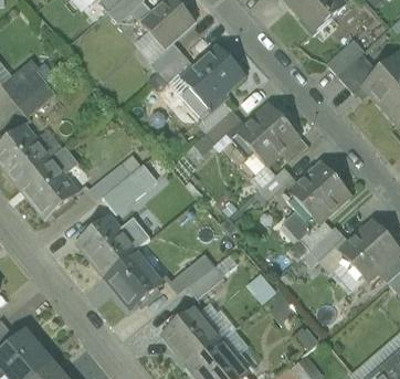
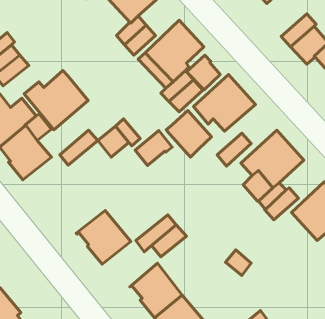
building: none -> [187,55,220,90]
building: none -> [24,70,88,130]
building: none -> [166,111,211,157]
building: [104,175,144,212] -> [135,131,172,166]
building: [78,215,137,274] -> none

